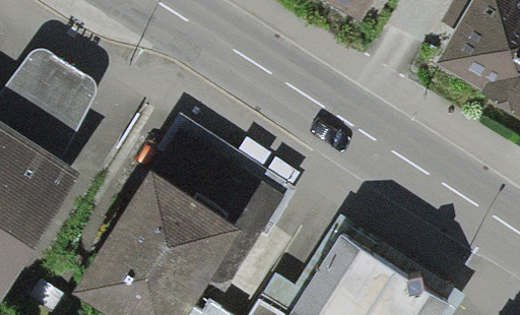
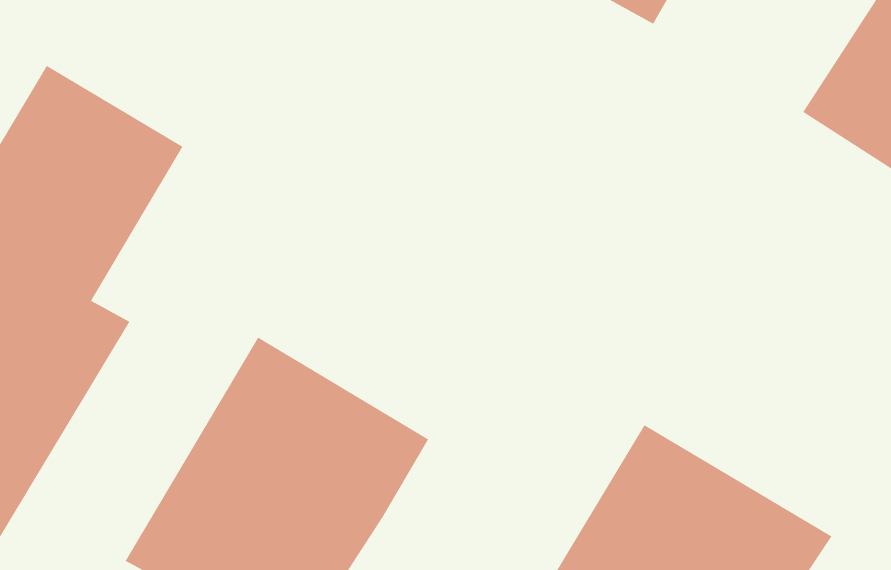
building: [143,114,292,291] -> none

